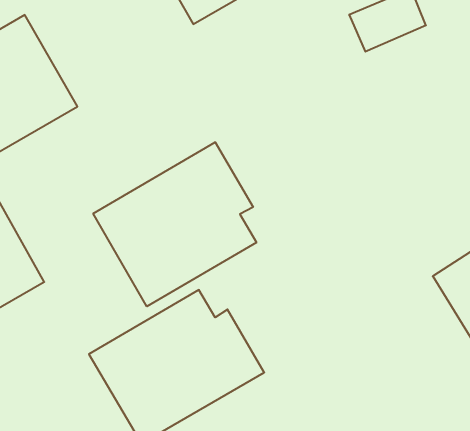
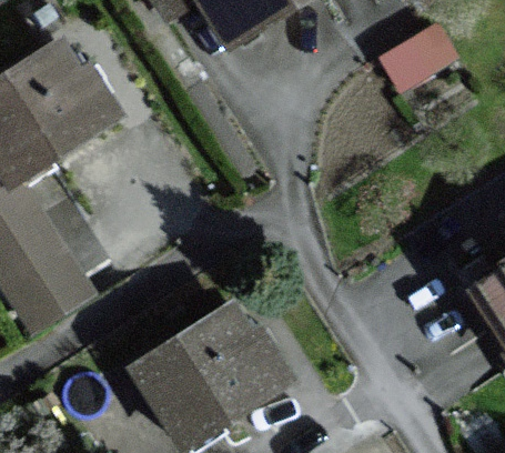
building: [93,142,256,306] -> none

